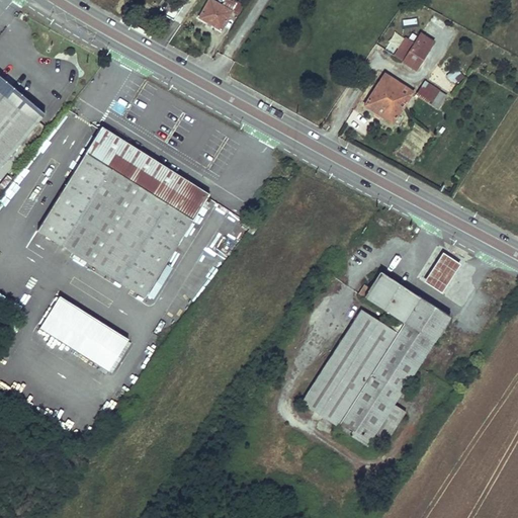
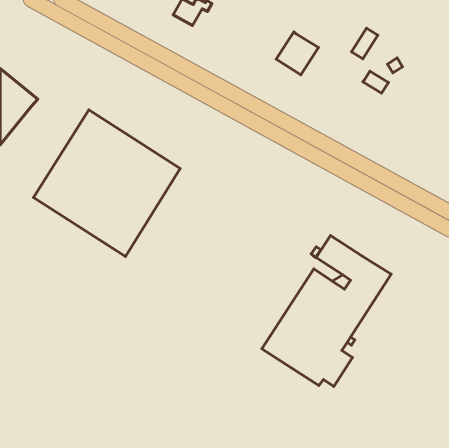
building: [365,73,414,122] -> [276,32,318,75]
building: [424,253,459,291] -> none
building: [37,293,126,369] -> none

